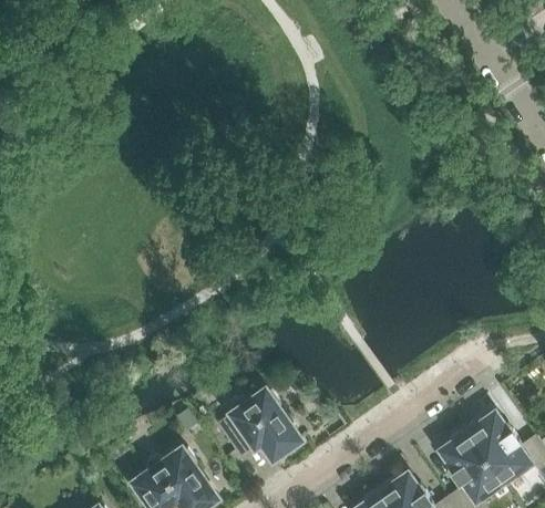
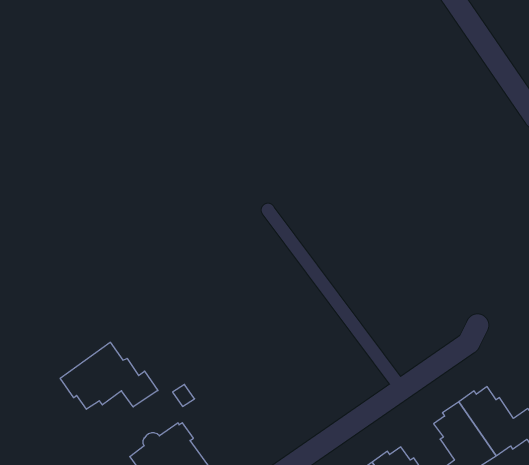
building: none -> [60,342,158,409]
building: [216,391,300,460] -> none

